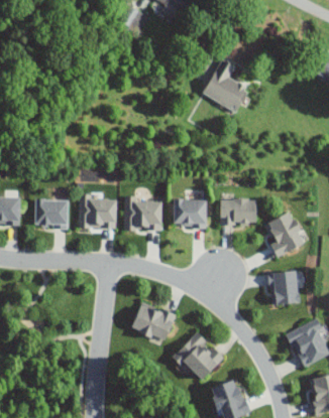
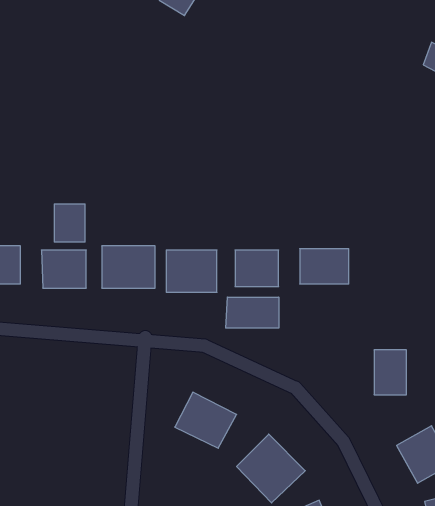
building: [203,58,249,111] -> none
building: none -> [54,204,85,242]
building: [264,212,305,255] -> none
building: none -> [226,297,279,328]

